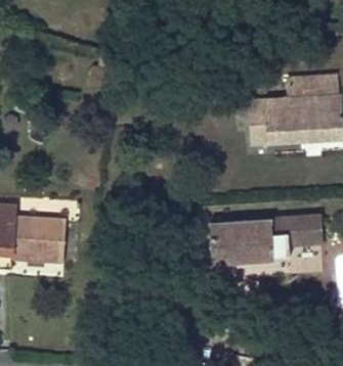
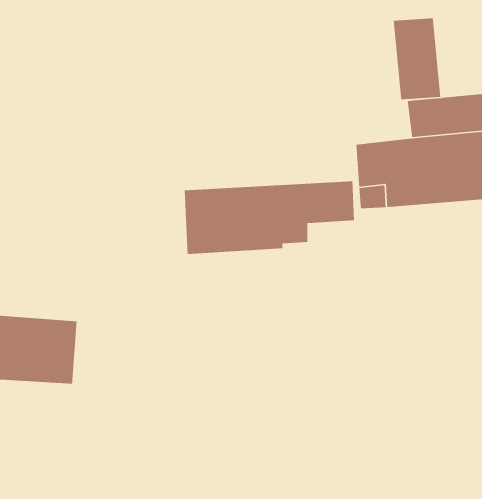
building: none -> [393,17,441,100]
building: [210,215,323,264] -> [184,181,355,255]

